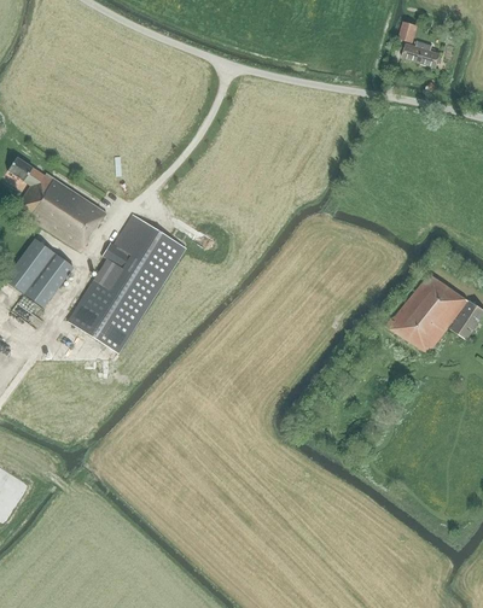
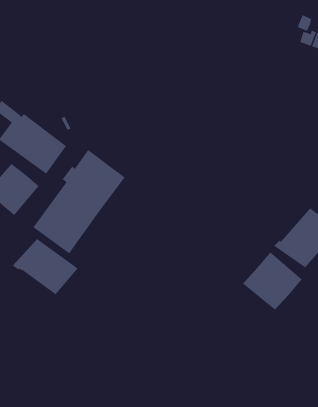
building: none -> [242,251,303,310]
building: none -> [12,238,78,295]

